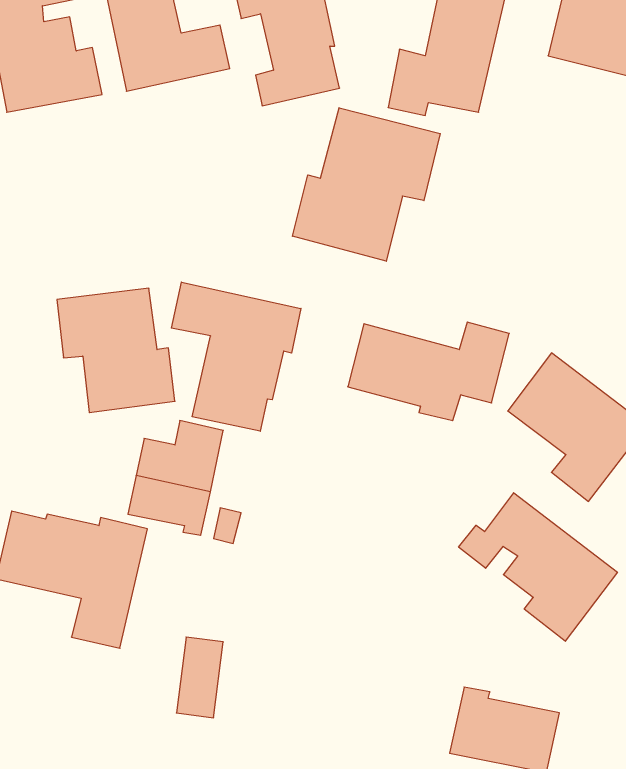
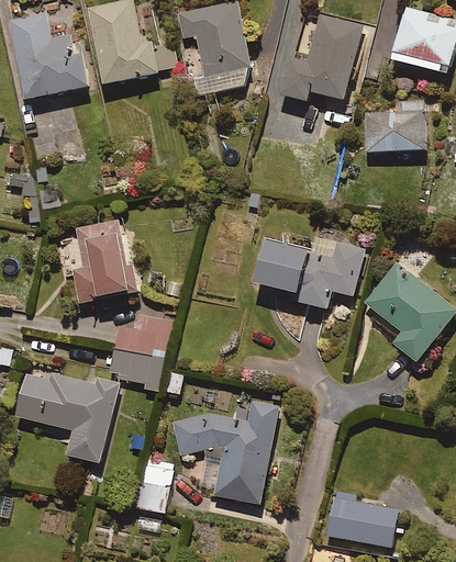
building: [292,108,440,261] -> none
building: none -> [364,98,424,153]
building: [171,282,301,431] -> none
building: [459,493,617,641] -> none
building: none -> [171,396,279,505]

